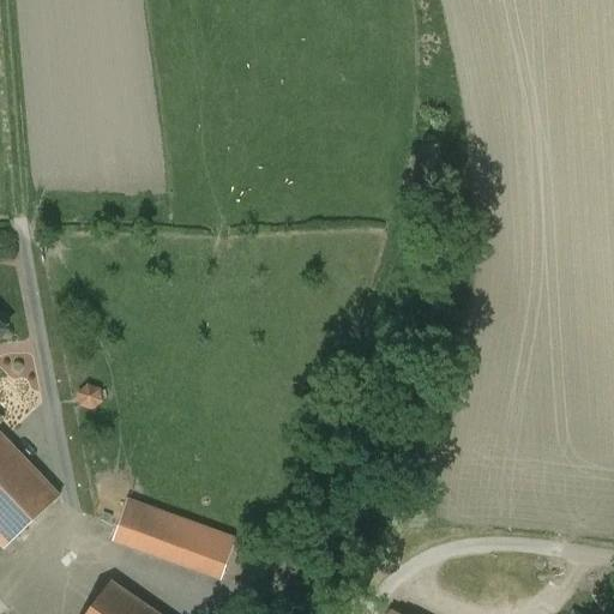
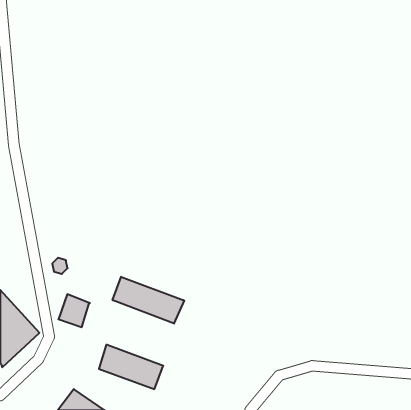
building: none -> [113,277,184,324]
building: [113,500,159,549] -> [58,294,90,327]

